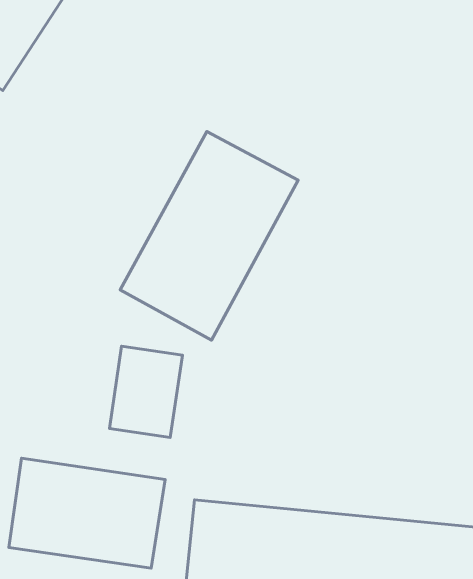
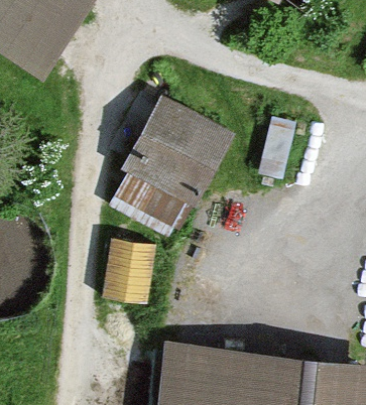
building: [9,458,165,568] -> none

